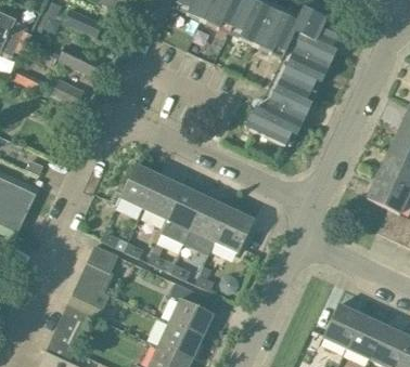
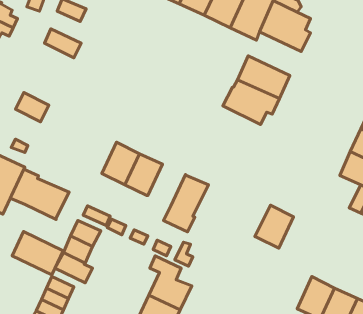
building: [271,49,326,94] -> none
building: [50,78,85,108] -> [16,93,49,122]
building: [161,186,206,245] -> none
building: none -> [10,169,69,219]
building: [214,208,254,252] -> [255,205,294,248]
building: none -> [12,232,63,275]

